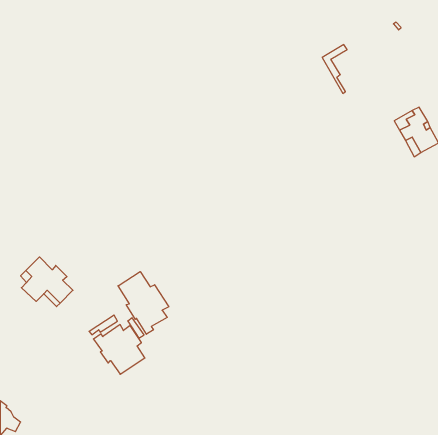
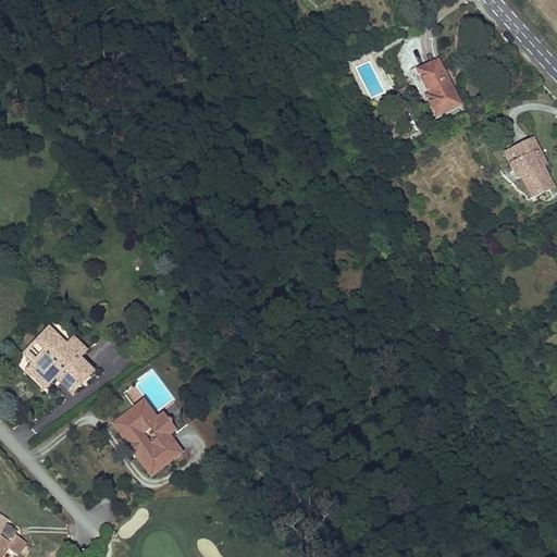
building: none -> [420,63,462,116]
building: [118,272,169,334] -> none

